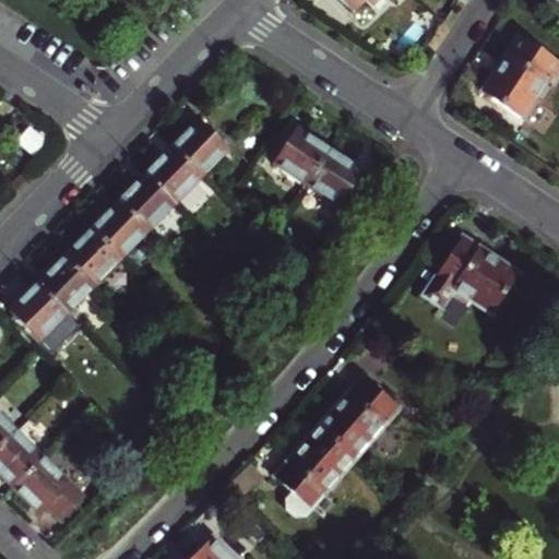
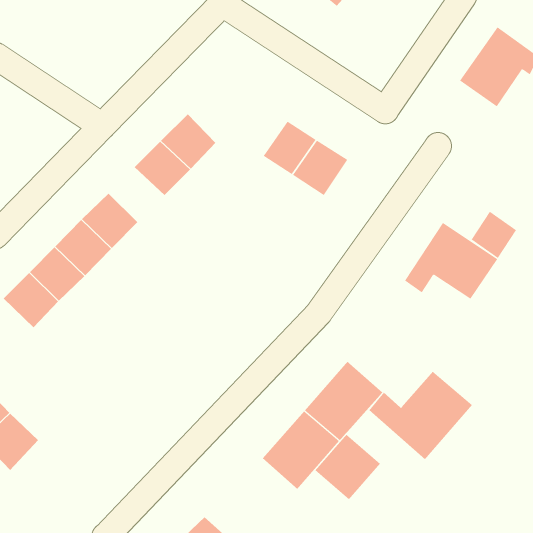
building: [117,176,175,233] -> none
building: none -> [471,211,517,259]
building: none -> [368,371,473,460]
building: none -> [315,434,381,500]
building: [15,457,84,521] -> none

